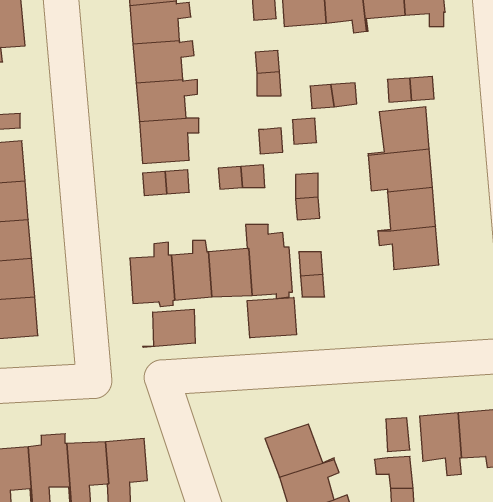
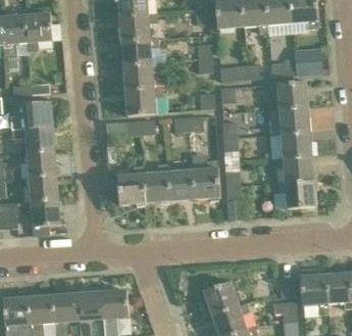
building: none -> [276,180,318,208]
building: [247,297,296,338] -> none
building: [143,309,195,347] -> none

